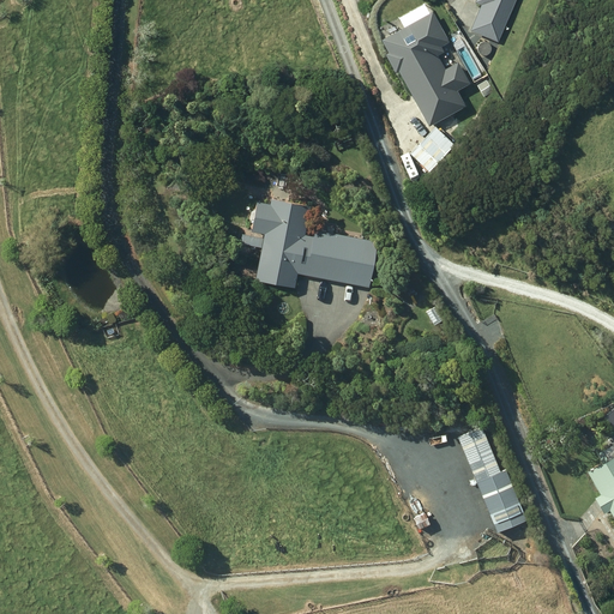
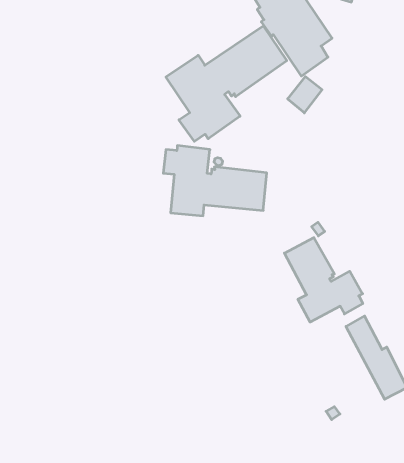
building: none -> [166,26,287,141]
building: none -> [284,238,363,322]

